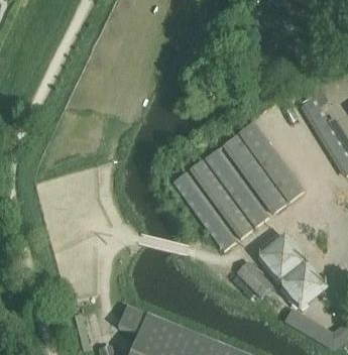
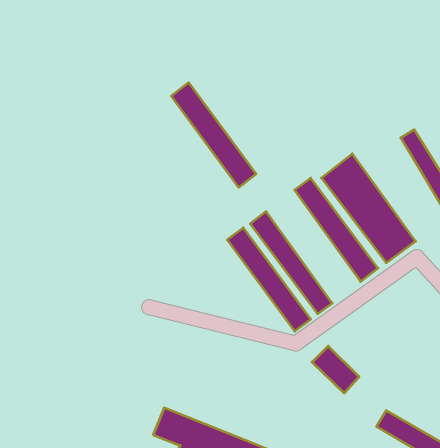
building: [205,146,268,225] -> [171,83,256,187]
building: [251,236,315,304] -> none

